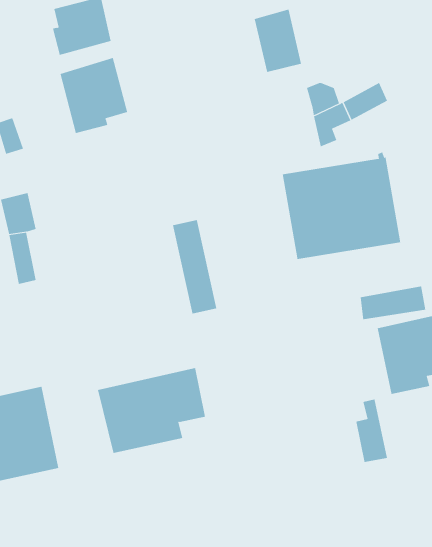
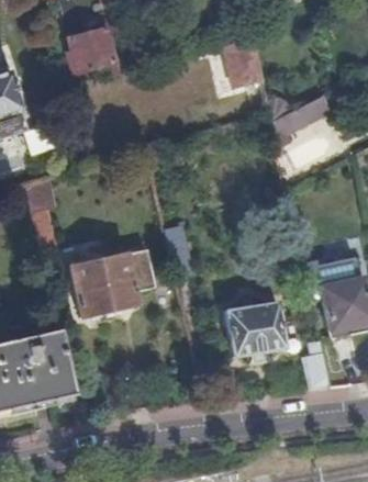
building: [60,57,128,134] -> none
building: [282,152,401,260] -> none
building: none -> [226,302,287,356]
building: [97,367,206,454] -> [70,249,155,316]

